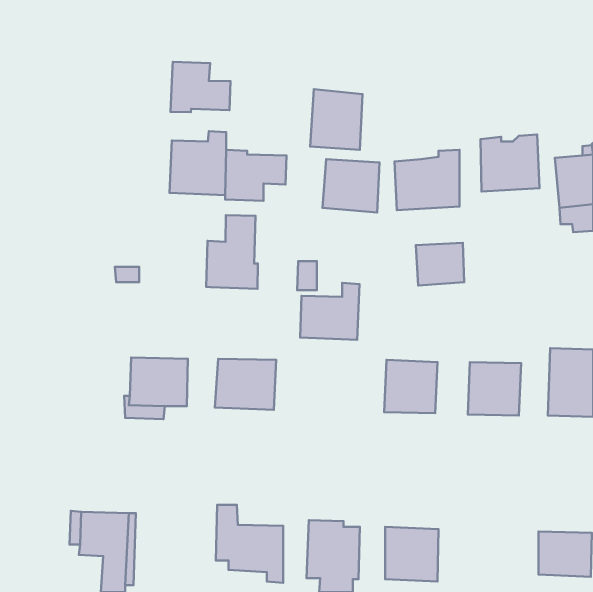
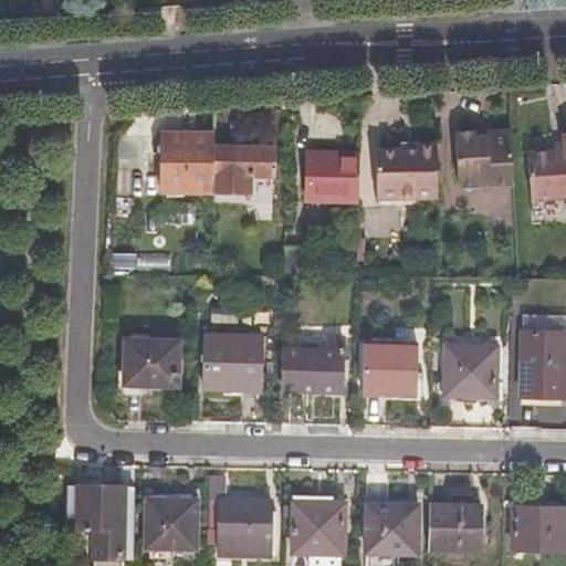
building: [170,62,230,112] -> none
building: [310,89,363,150] -> none
building: [206,215,258,289] -> none
building: [416,243,464,285] -> none
building: [300,283,359,340] -> [287,338,344,392]
building: none -> [145,499,196,549]
building: none -> [428,504,480,549]

